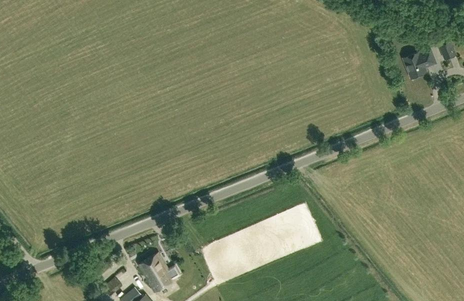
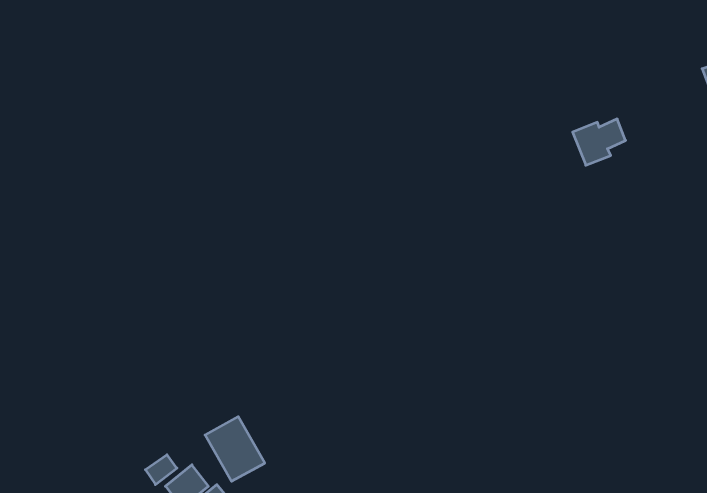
building: [404,50,436,78] -> [573,119,626,165]

